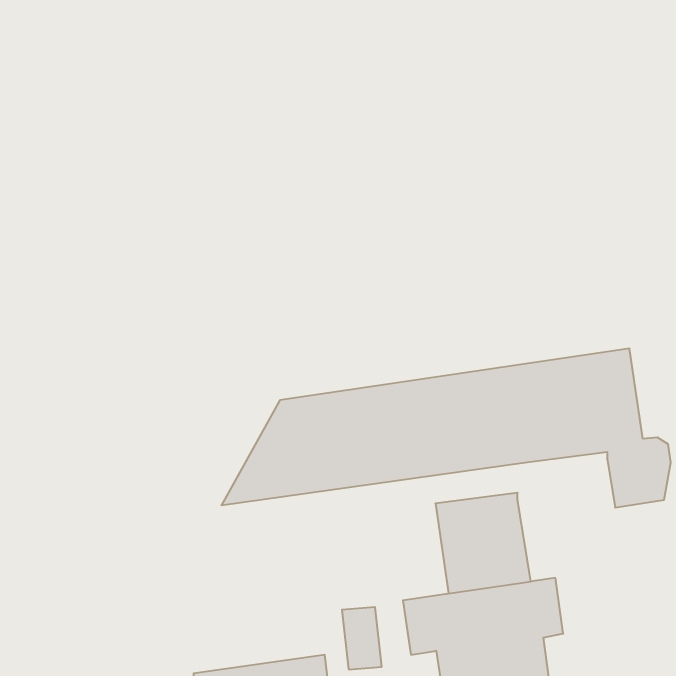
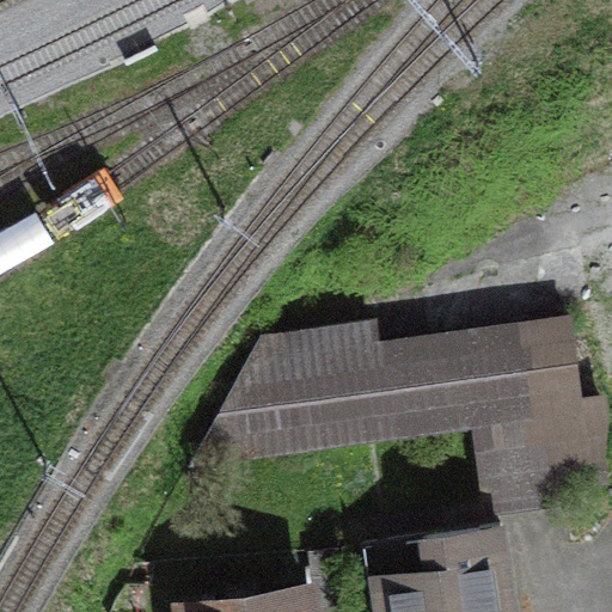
building: [435,493,531,593] -> [475,409,561,500]

